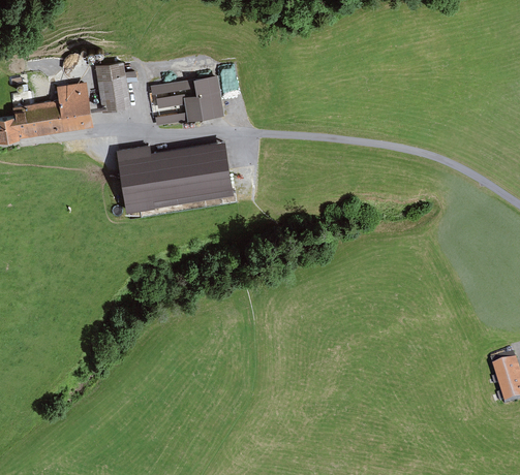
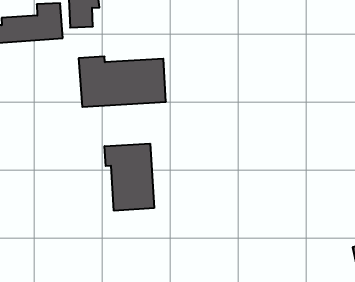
building: [148,74,224,125] -> none
building: none -> [105,144,154,211]

